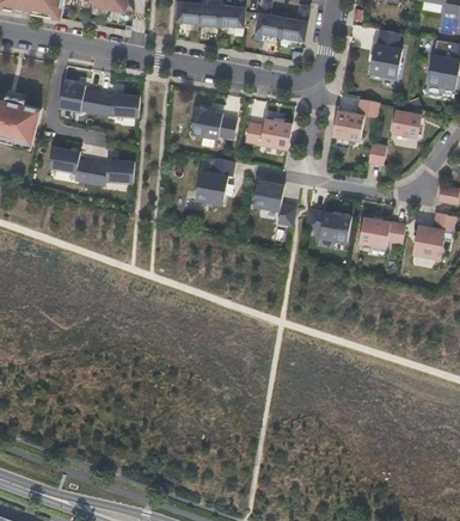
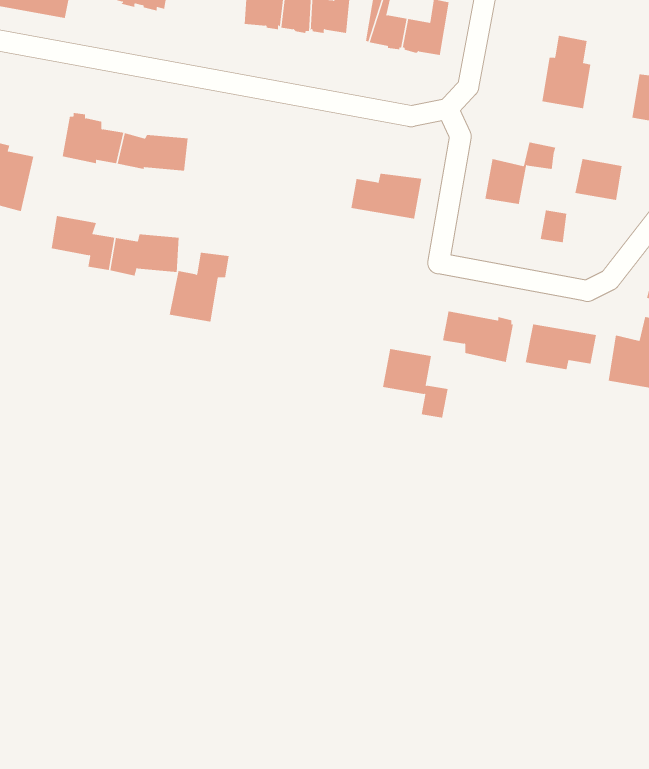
building: [191,106,237,139] -> none
building: [195,159,234,204] -> [169,252,229,322]
building: [252,180,295,226] -> [382,348,448,418]

